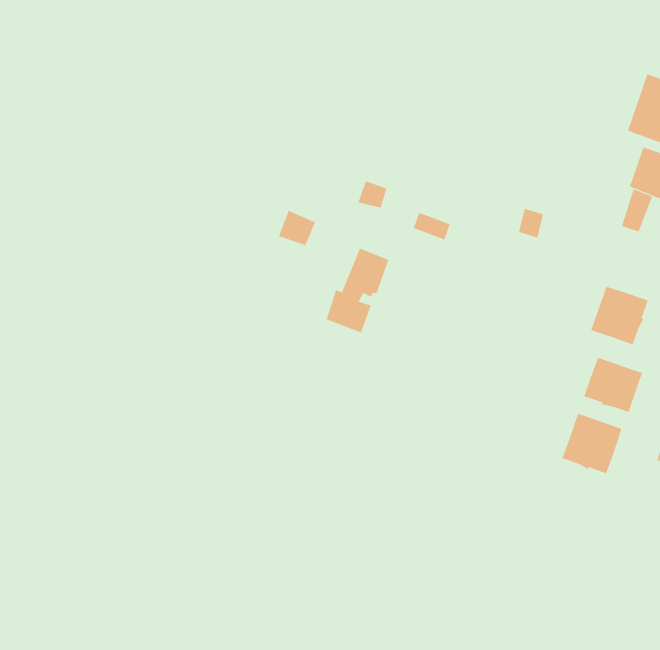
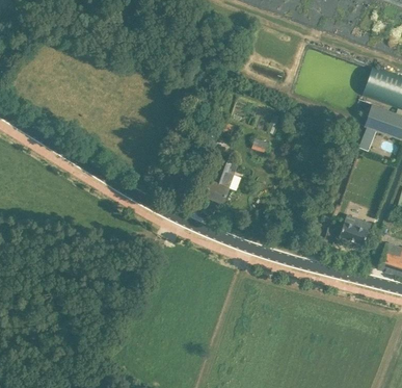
building: [591,286,648,345] -> none
building: [562,413,622,474] -> none

